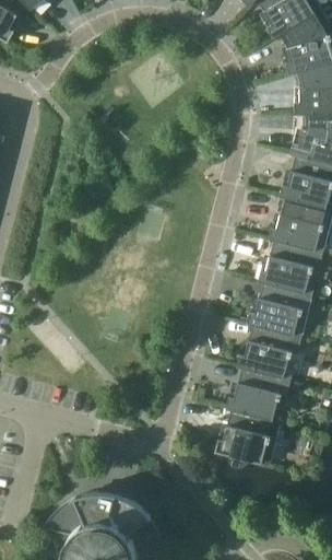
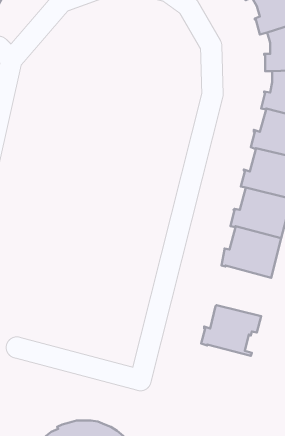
building: [237,325,301,380] -> none
building: [215,410,280,465] -> none

